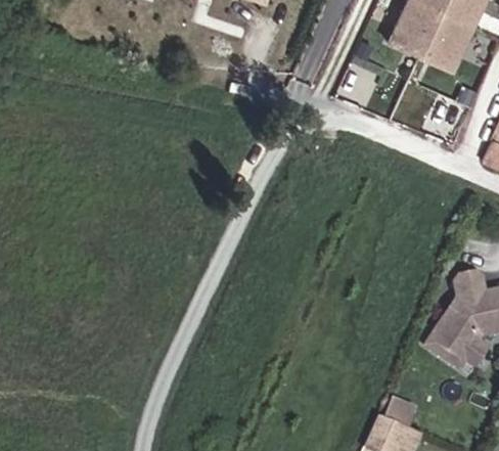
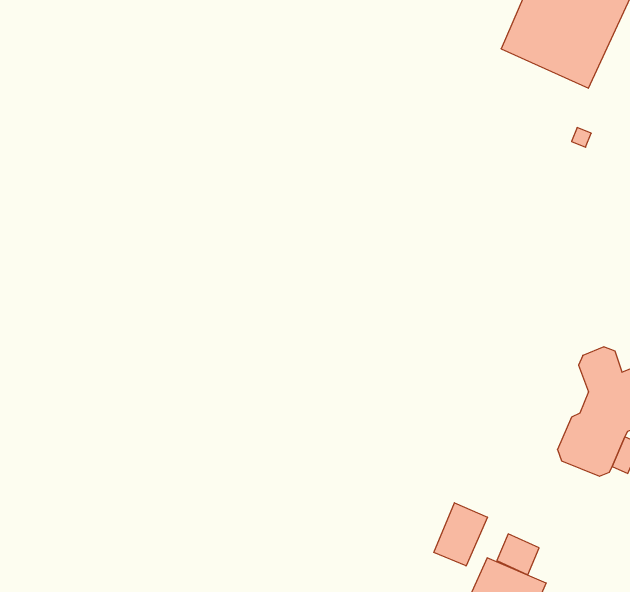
building: none -> [434,503,487,566]

